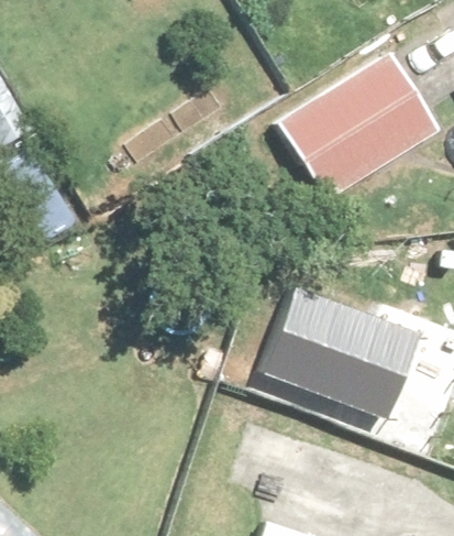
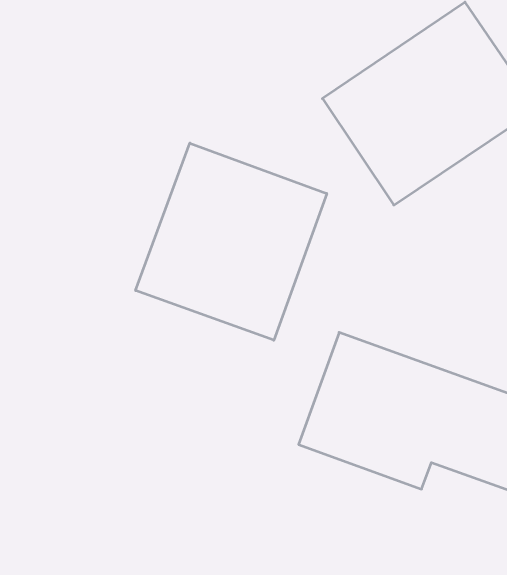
building: none -> [136,143,327,340]

